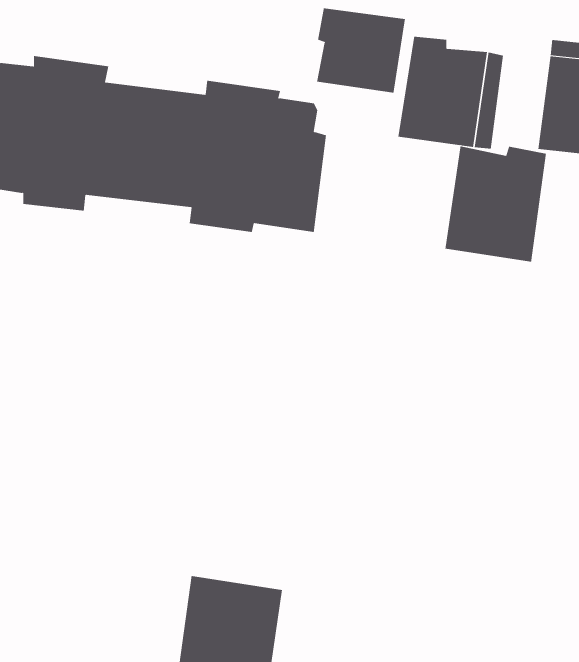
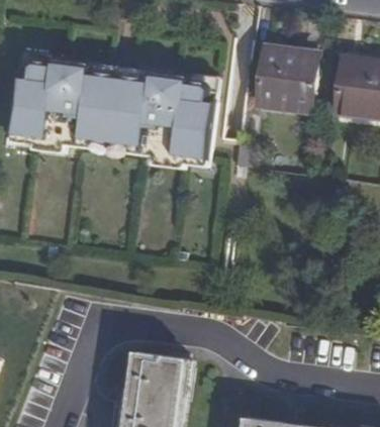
building: [316,7,406,94] -> none
building: [445,146,547,263] -> none

